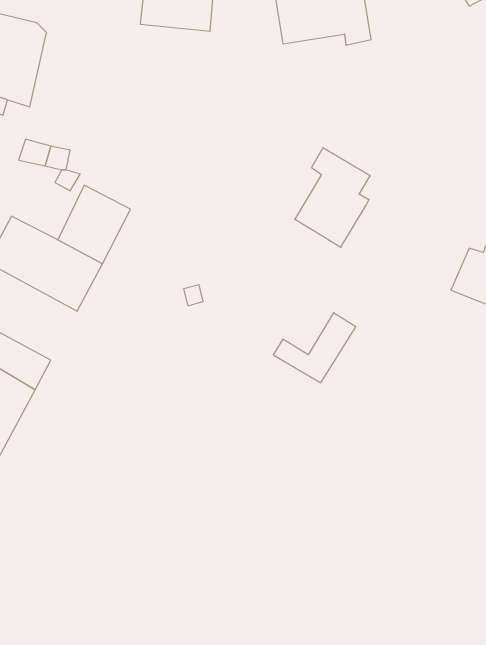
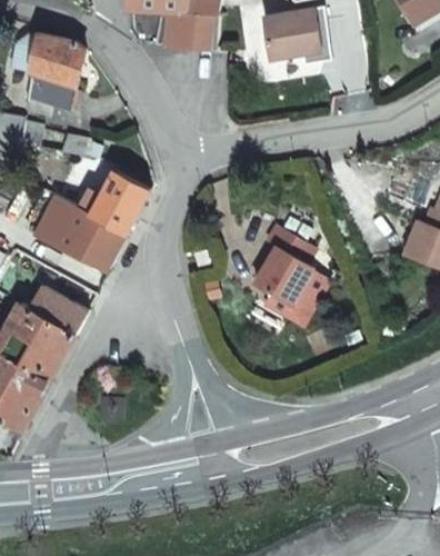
building: [295,148,370,247] -> [253,226,313,305]

